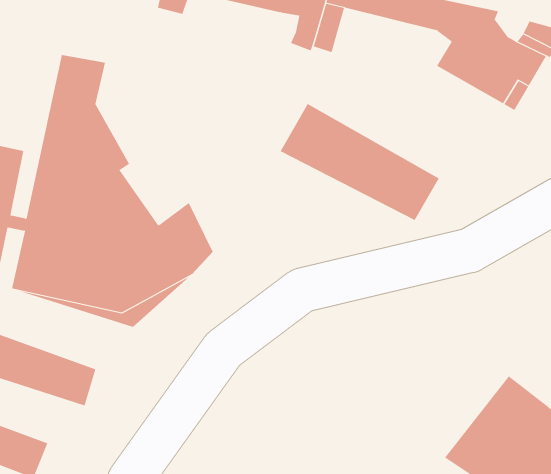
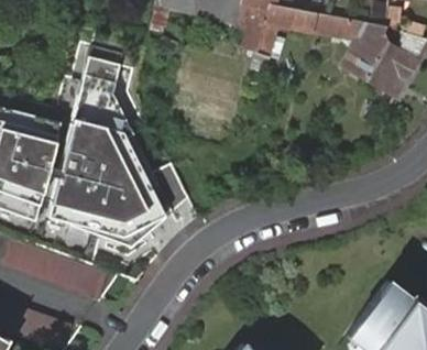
building: [280,103,439,221] -> none

